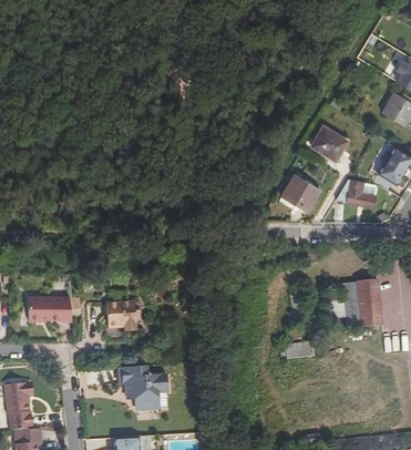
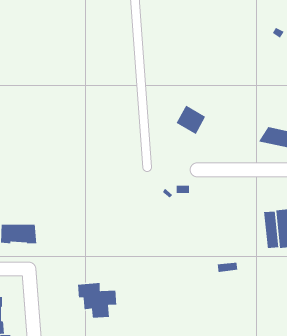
building: [310,126,346,161] -> none
building: [281,175,318,212] -> [176,104,206,135]
building: [107,301,136,331] -> none

